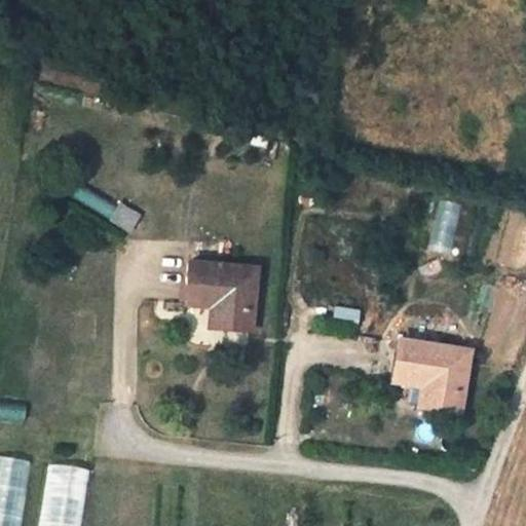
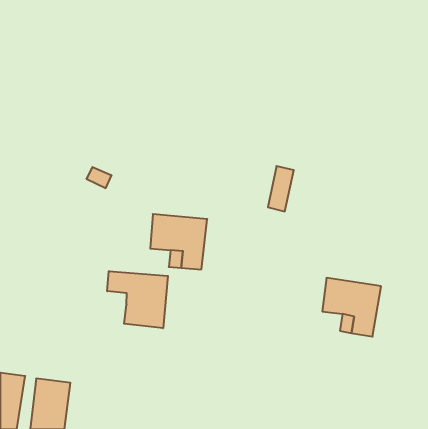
building: [428,200,460,256] -> [268,166,294,211]
building: none -> [107,271,168,328]

